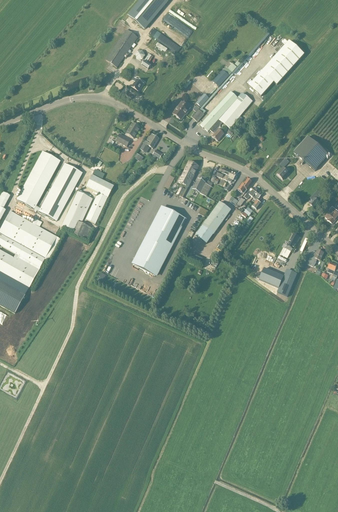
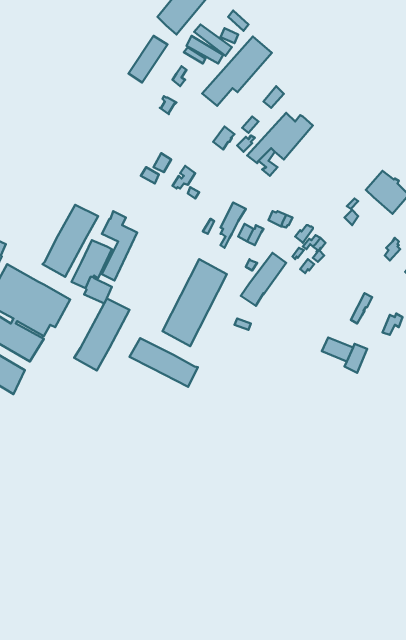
building: [249,40,304,95] -> [202,37,272,106]
building: [16,151,60,208] -> [74,299,130,371]
building: none -> [130,338,198,387]

